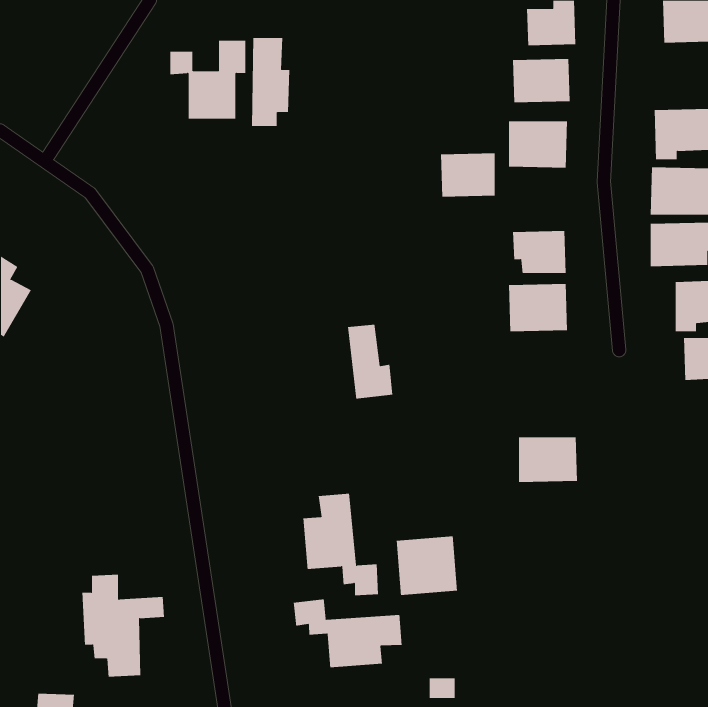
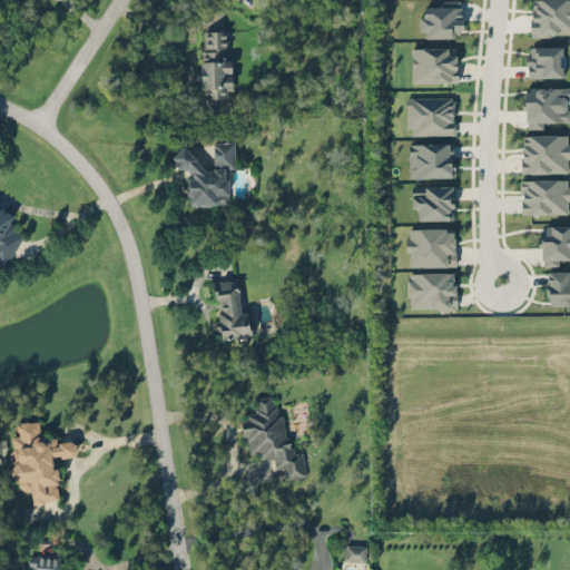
building: [170,40,246,119] -> [175,142,236,206]
building: none -> [529,48,563,79]
building: [440,153,496,197] -> [410,145,454,180]
building: [347,324,393,399] -> [215,281,252,341]
building: [518,437,578,483] -> [410,274,458,311]
building: [396,535,457,596] -> none
building: [81,574,165,677] -> [11,422,78,504]
building: [293,599,402,668] -> none

